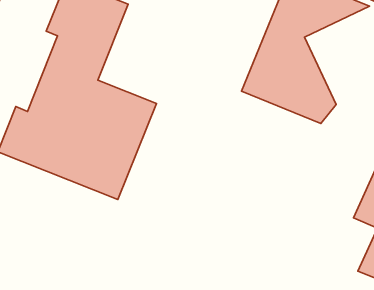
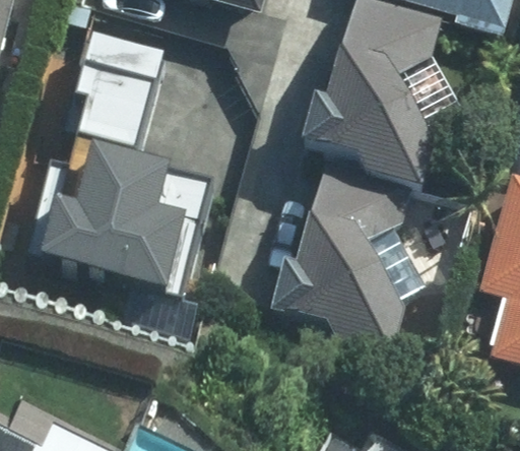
building: none -> [283,176,430,355]

